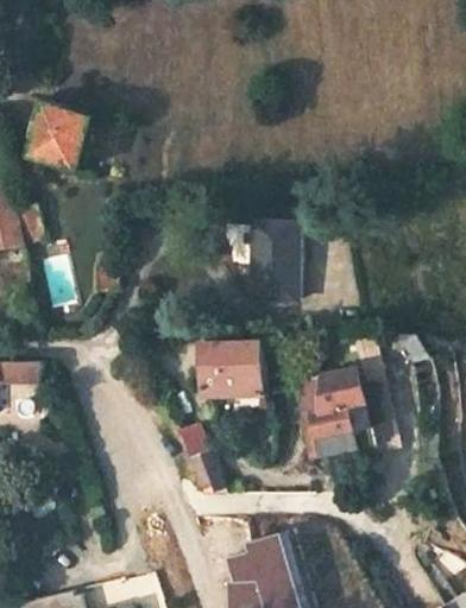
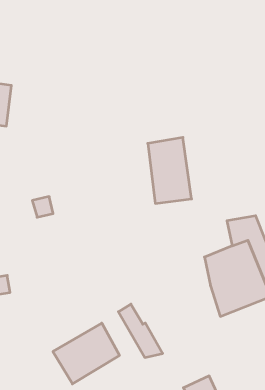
building: [200,343,262,398] -> none
building: none -> [53,323,119,384]

